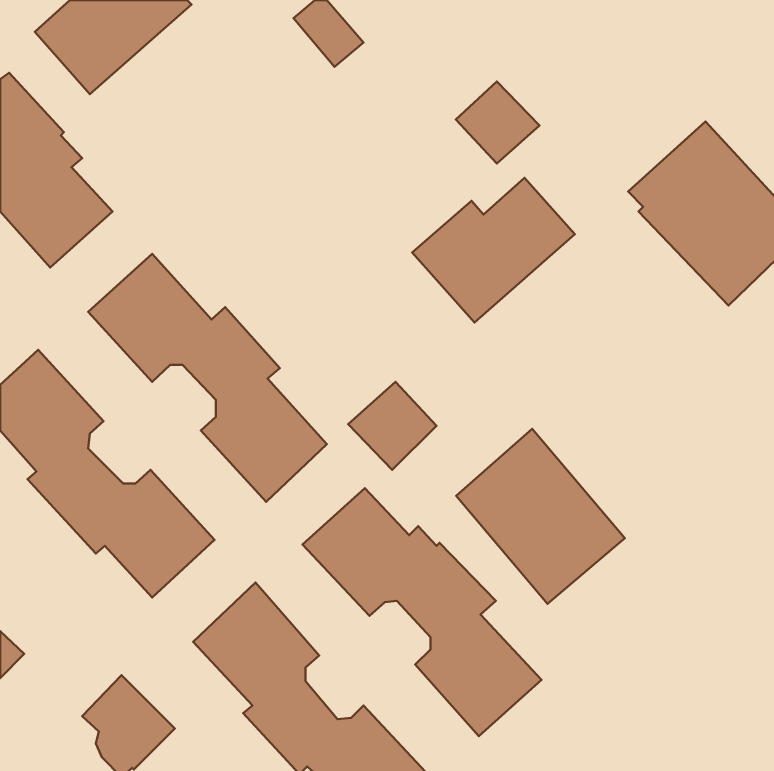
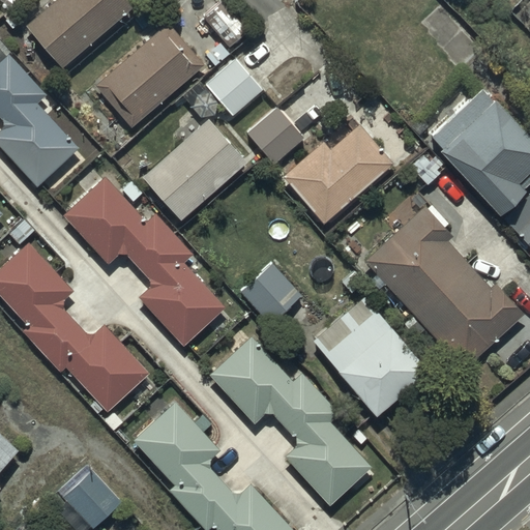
building: none -> [93,23,203,128]
building: none -> [142,58,263,219]
building: [456,82,539,164] -> [246,108,303,164]
building: none -> [364,196,524,369]

